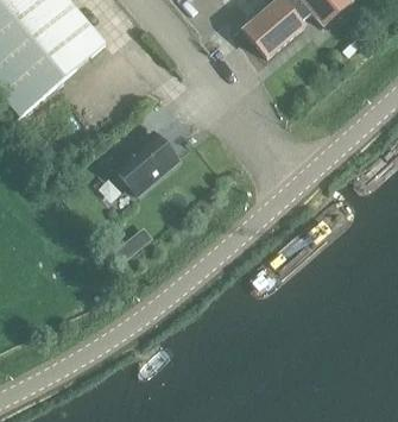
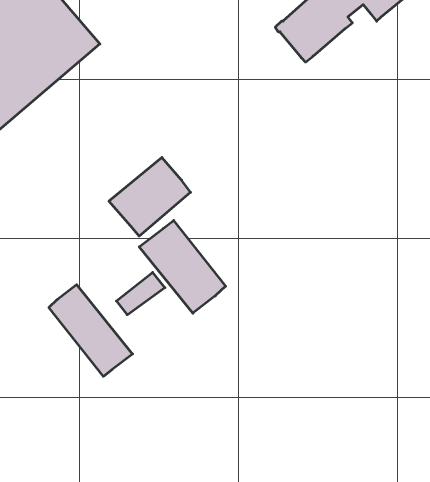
building: none -> [139,220,226,313]
building: none -> [49,285,133,376]

